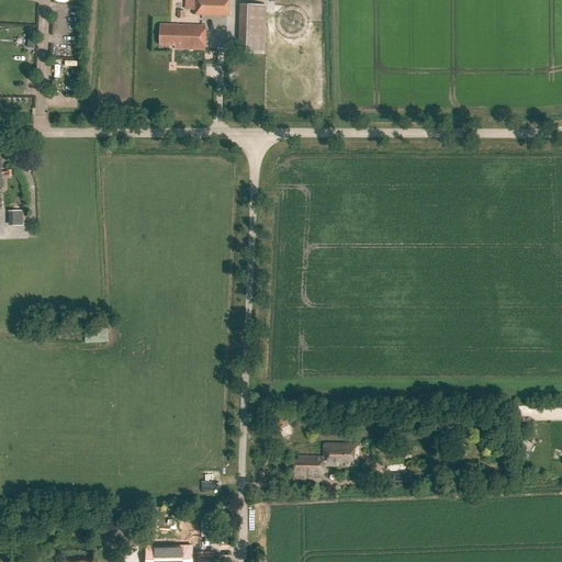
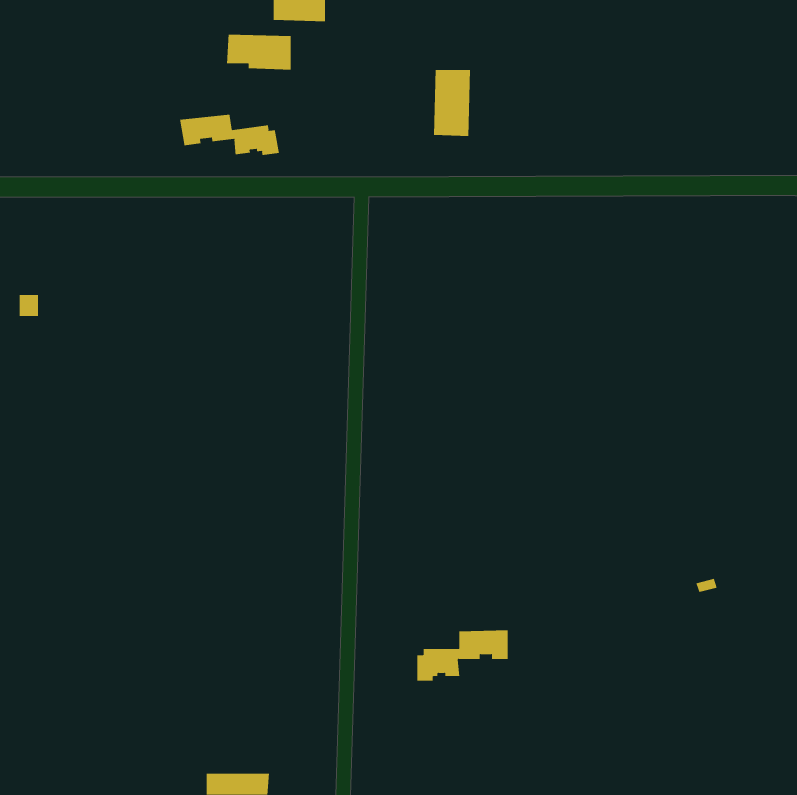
building: [239,4,266,52] -> [433,70,471,137]
building: none -> [180,114,279,156]

